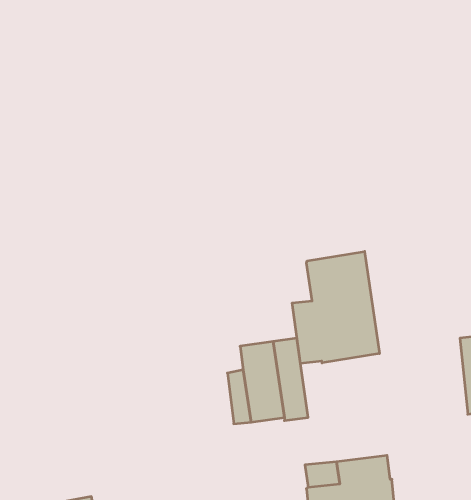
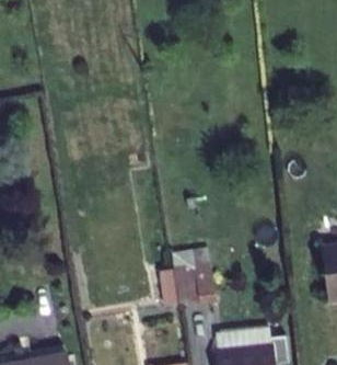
building: [292,251,379,364] -> none

